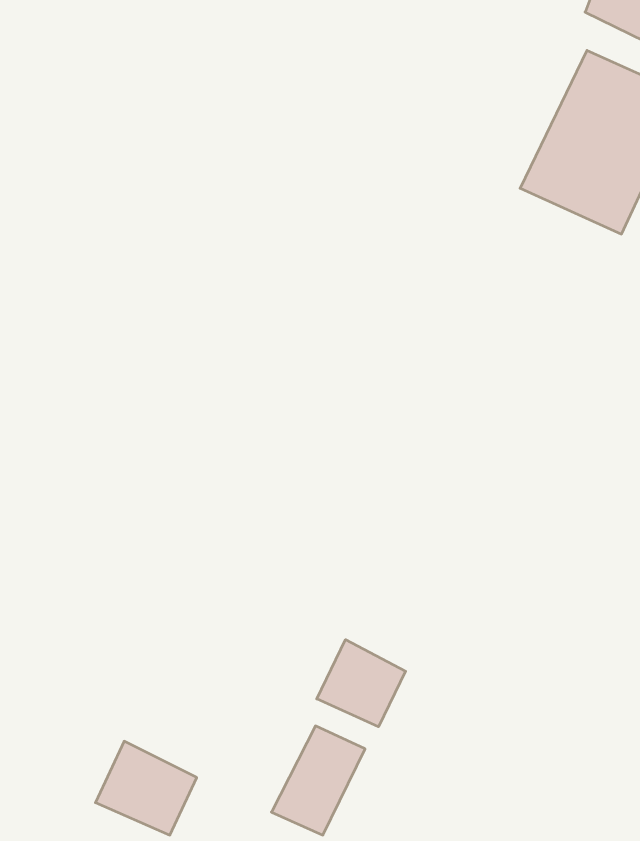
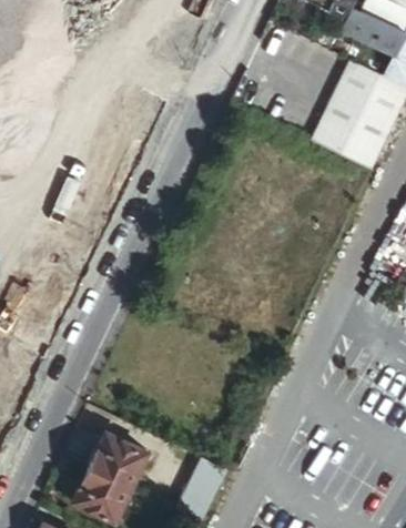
building: [317,640,406,727] -> none
building: none -> [87,426,145,480]

